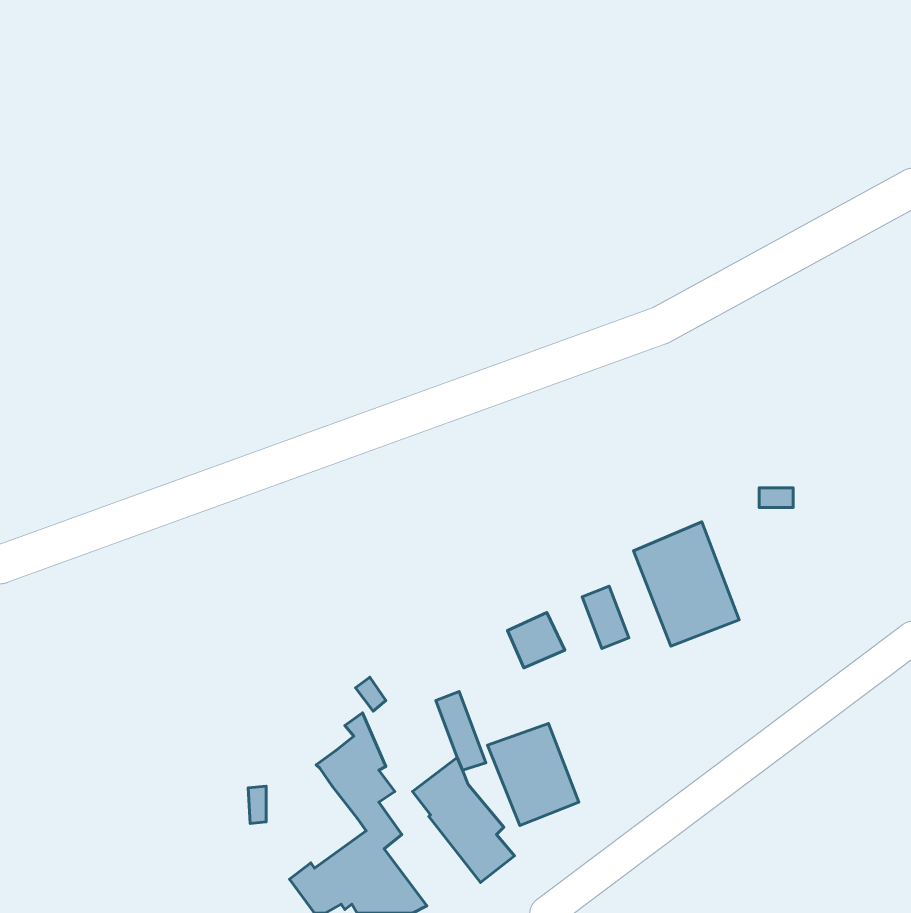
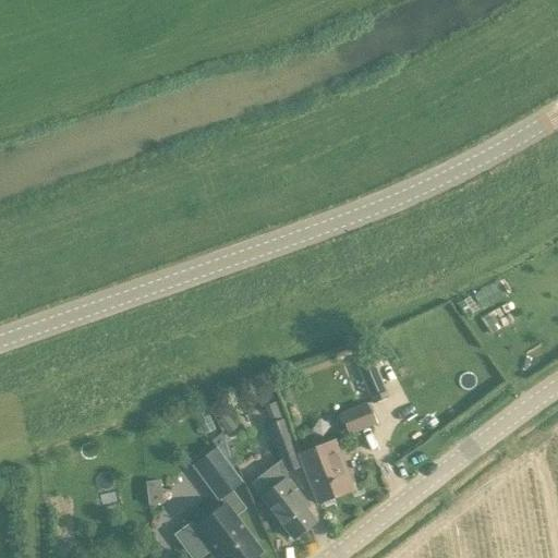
building: [634,522,739,646] -> none
building: [508,613,565,668] -> [340,402,375,436]

